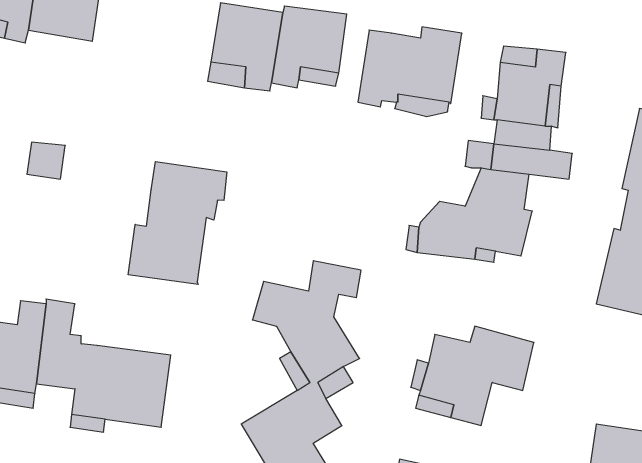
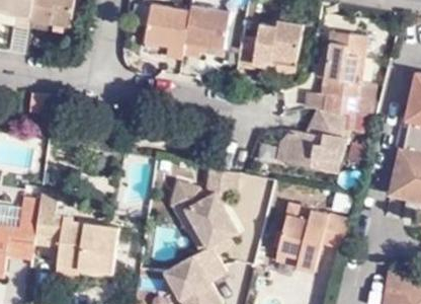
building: [128,162,227,284] -> none

